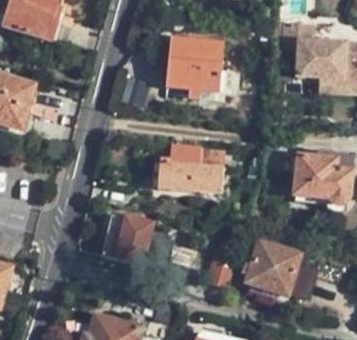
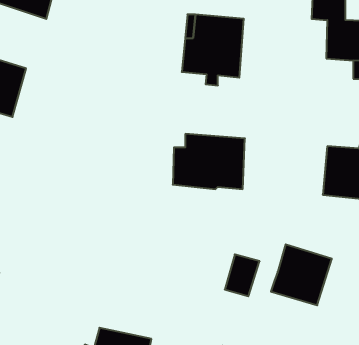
building: [101,215,151,265] -> none

